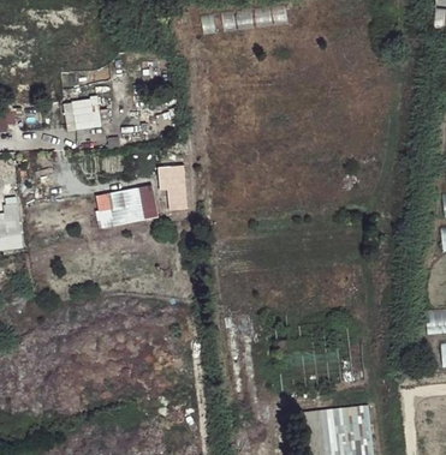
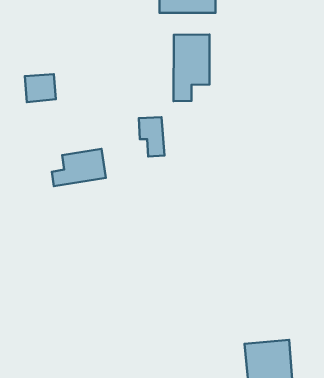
building: none -> [174,34,209,101]
building: [159,164,189,210] -> [139,117,165,157]

